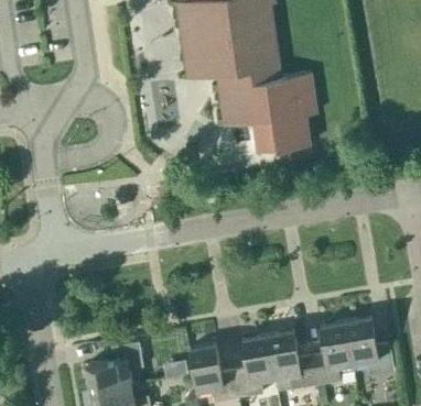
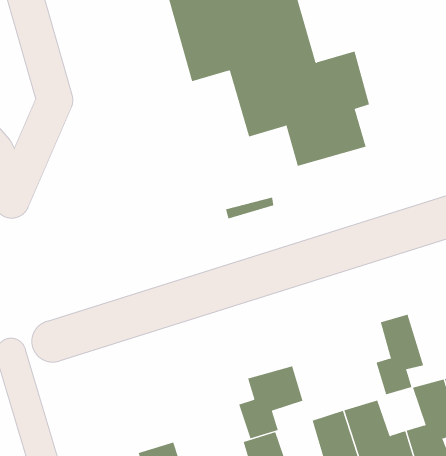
building: none -> [376,314,424,395]
building: none -> [239,365,303,439]

